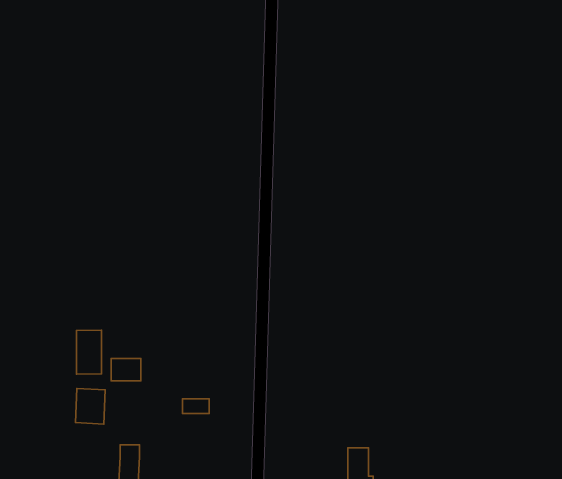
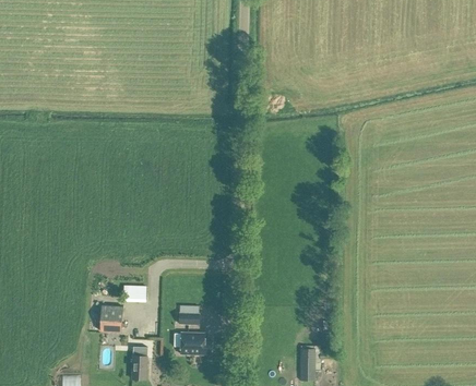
building: [77,330,101,374] -> none
building: none -> [174,333,212,354]

